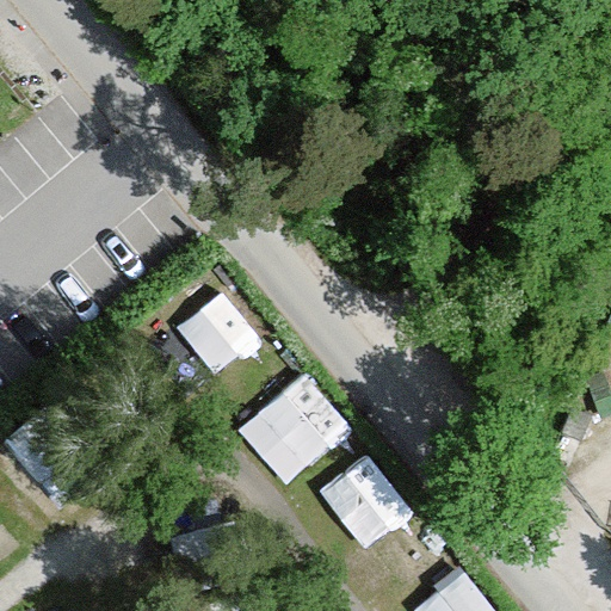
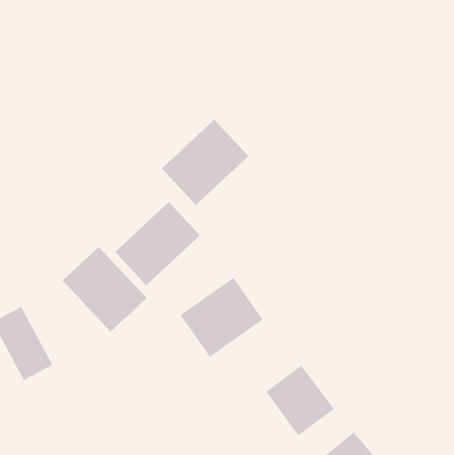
building: none -> [161,119,249,206]
building: none -> [62,246,147,332]

